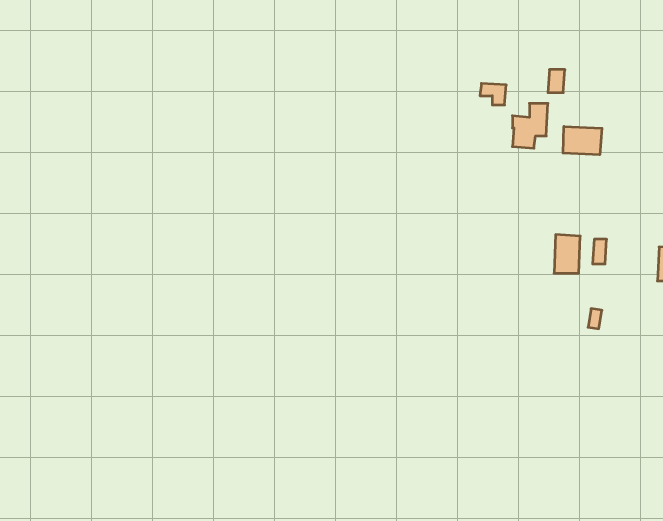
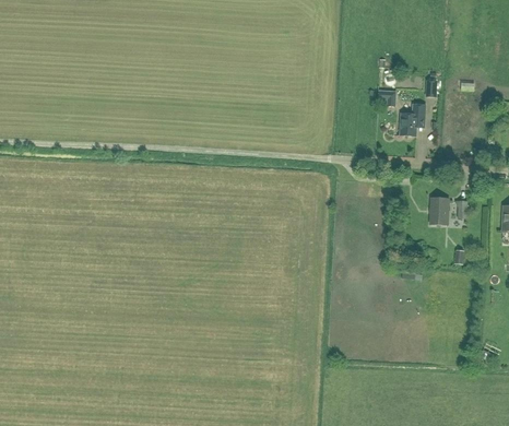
building: [563,126,602,155] -> none

